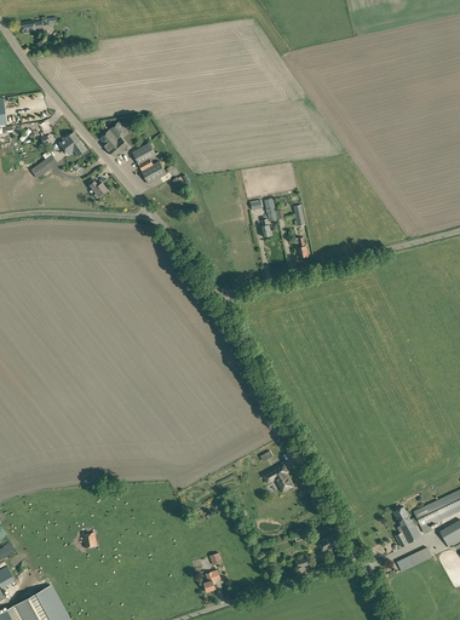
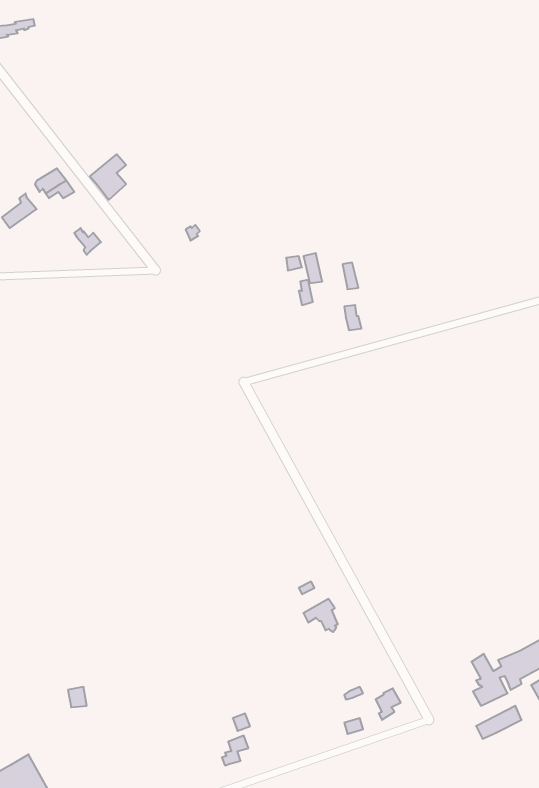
building: [132,143,169,184] -> none

